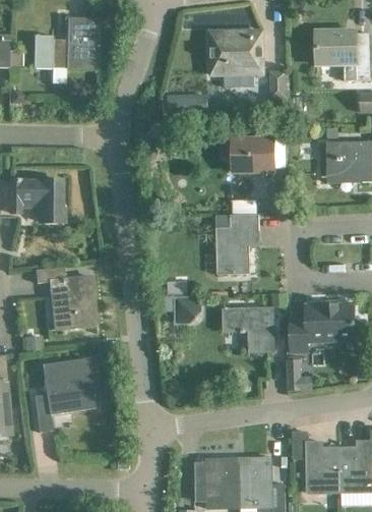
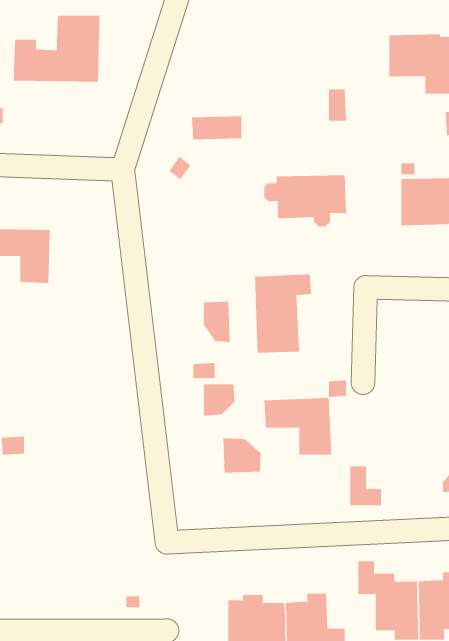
building: [210,33,263,87] -> none
building: none -> [203,301,230,343]
building: [34,267,95,328] -> none
building: [292,304,357,351] -> none
building: none -> [223,438,261,474]
building: [33,358,94,432] -> none

